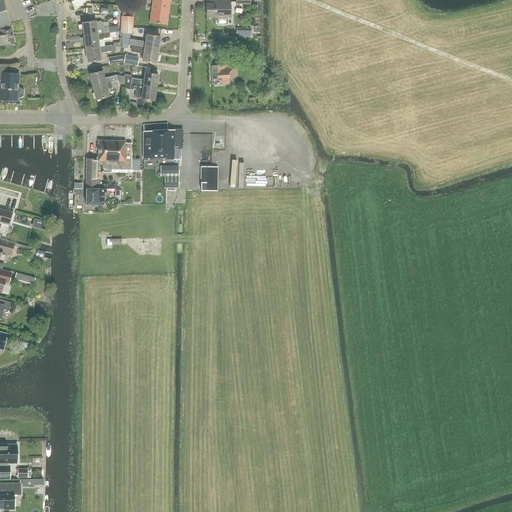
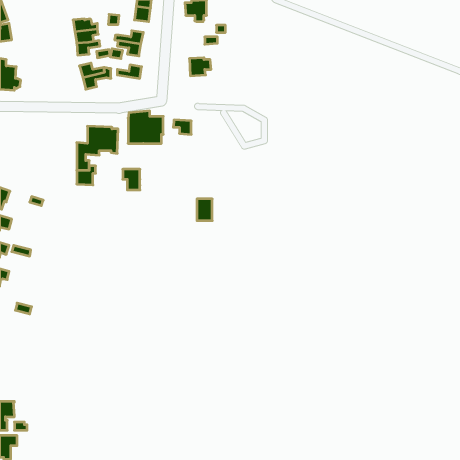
building: [123,76,155,100] -> none
building: [159,165,178,188] -> [123,169,140,190]
building: [200,166,217,190] -> [197,199,212,221]

